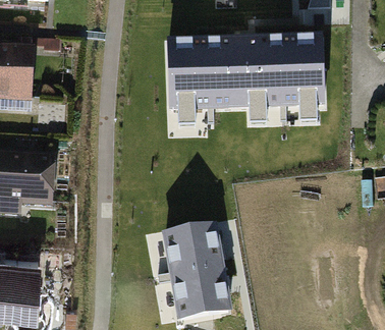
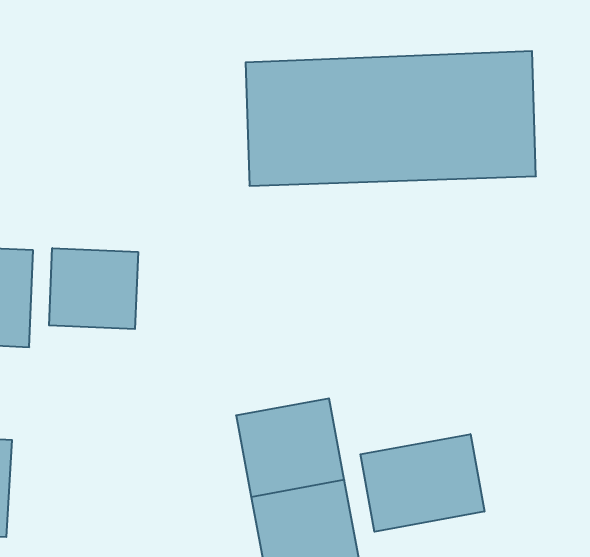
building: none -> [49,248,138,329]
building: none -> [360,434,484,532]

